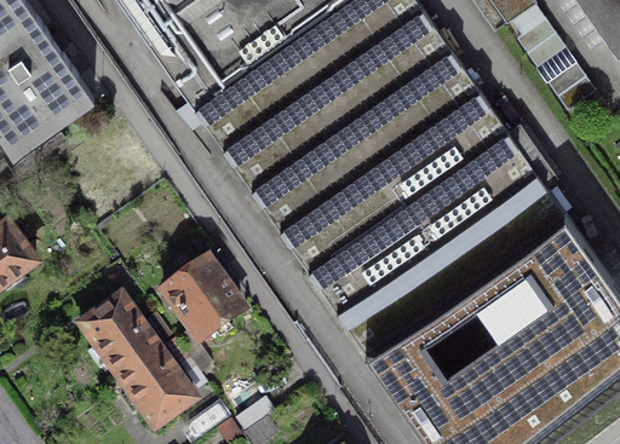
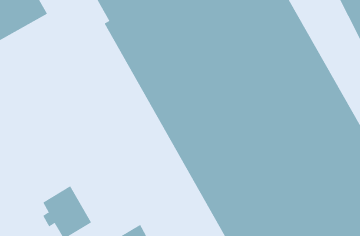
building: [165,259,242,338] -> none
building: [81,293,157,374] -> none

